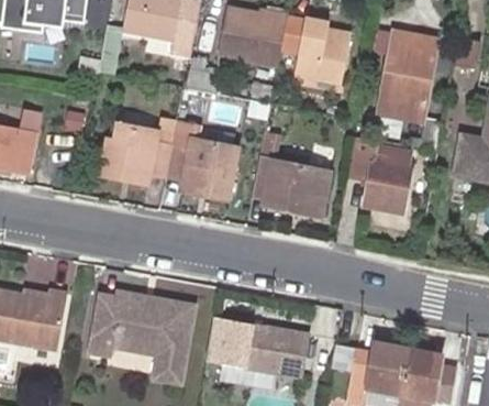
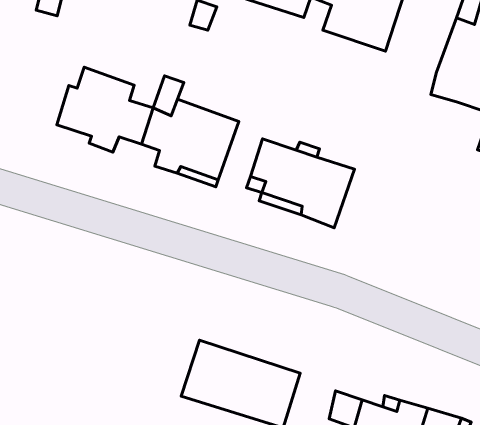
building: [354,135,412,209] -> none
building: [90,290,196,382] -> none

